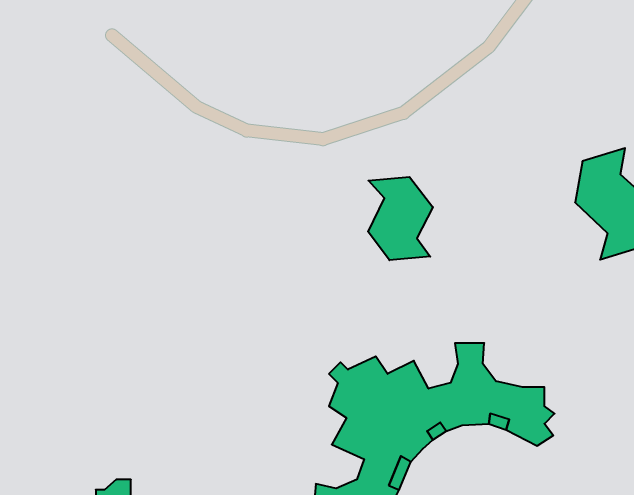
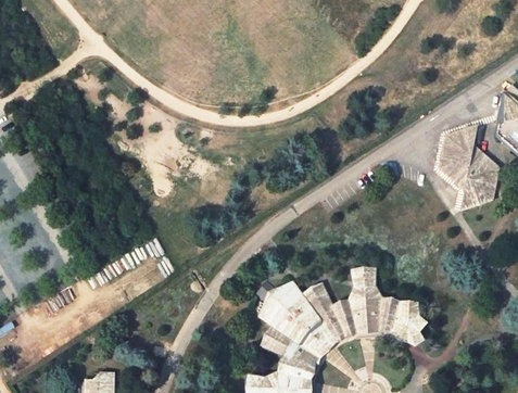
building: [368,177,433,260] -> none

